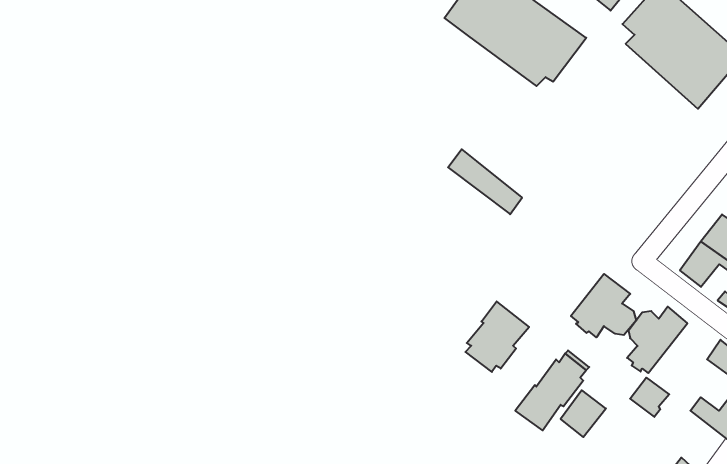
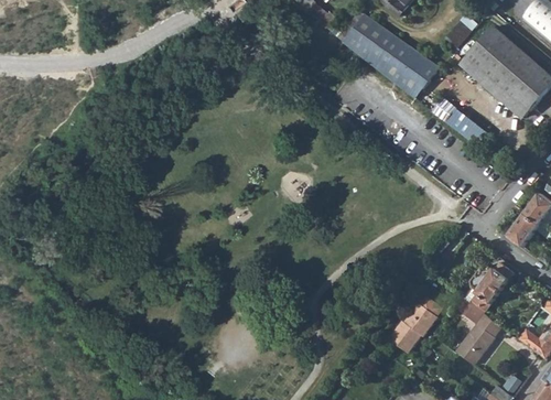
building: [448,149,522,214] -> [432,97,486,144]
building: [571,274,636,337] -> none
building: [465,301,529,372] -> none
building: [561,390,606,437] -> [456,329,489,364]

